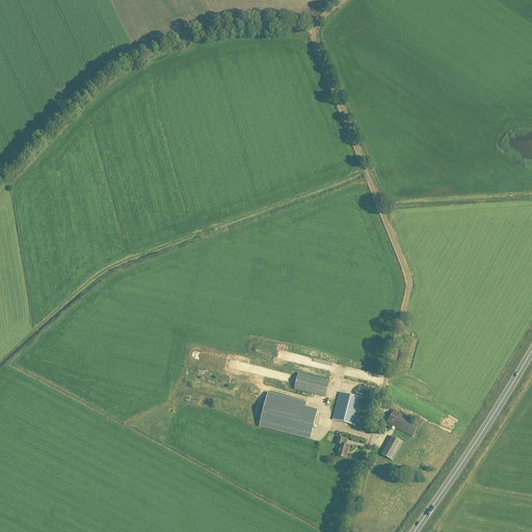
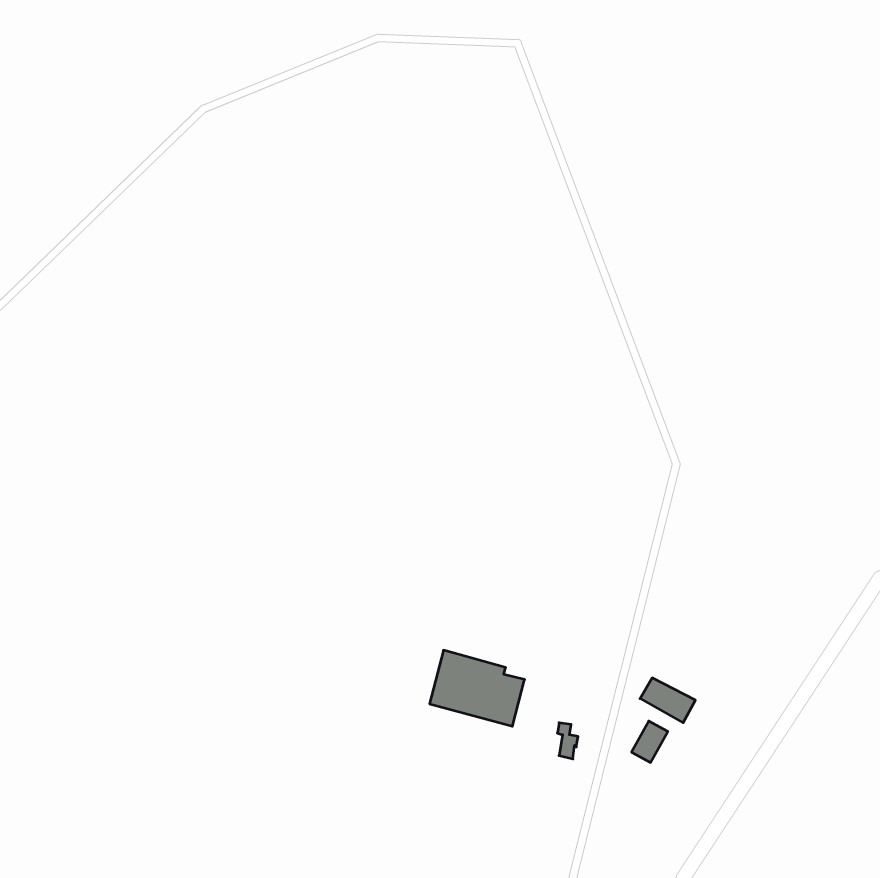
building: [293,371,329,396] -> none
building: [331,391,361,424] -> none

